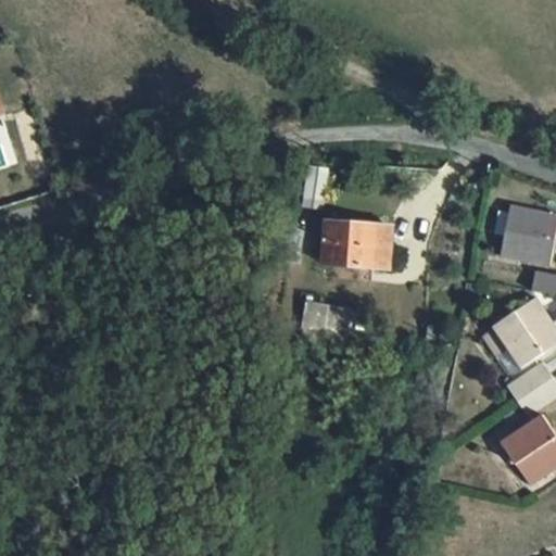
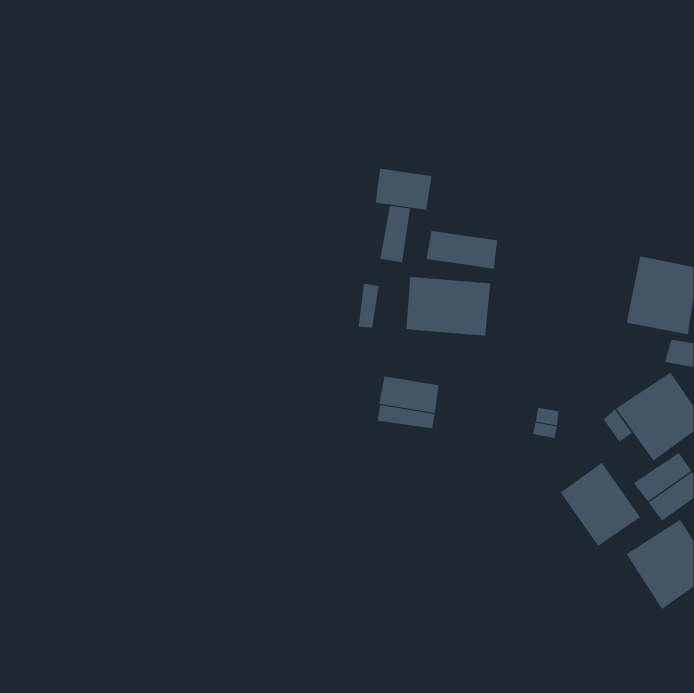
building: none -> [375,168,432,211]
building: none -> [426,230,498,270]
building: none -> [560,462,641,547]

